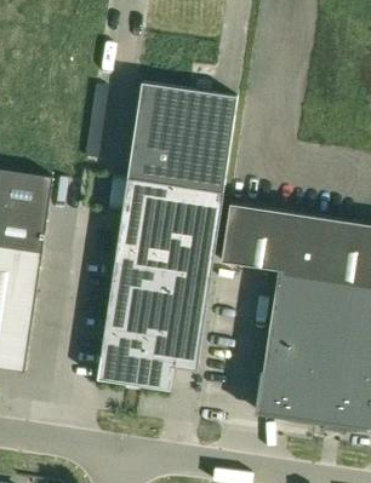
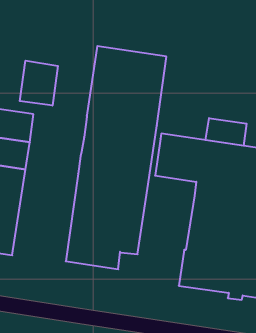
building: none -> [20,61,58,106]
building: none -> [205,118,247,146]

